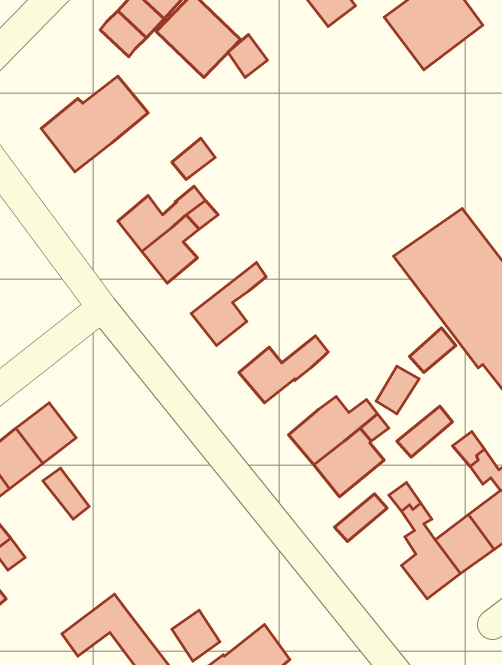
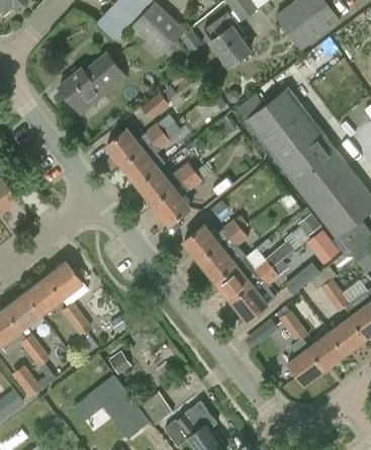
building: none -> [203,12,250,66]
building: none -> [236,88,326,168]
building: none -> [138,163,195,204]
building: none -> [307,228,343,264]
building: none -> [200,229,247,281]

